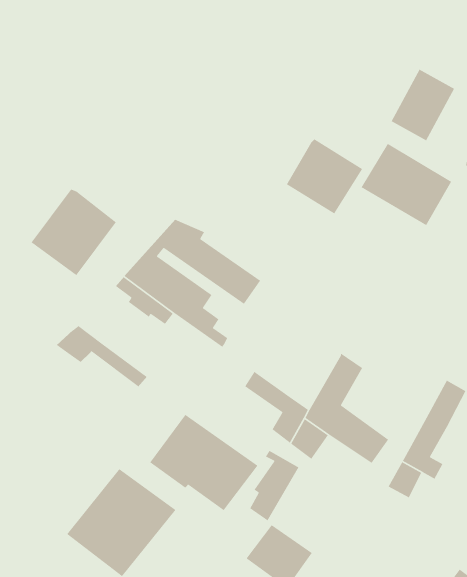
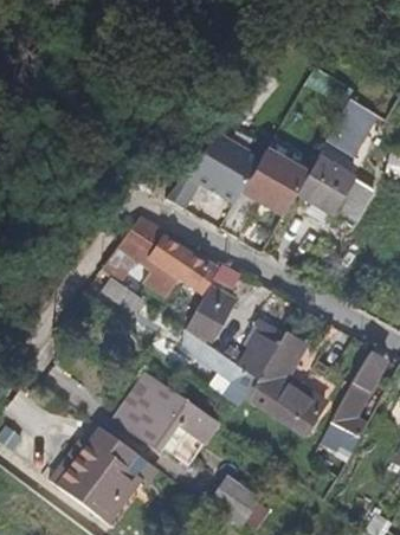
building: none -> [166,134,258,210]
building: [30,189,117,276] -> none
building: none -> [188,282,236,336]
building: [56,325,148,387] -> none
building: [249,450,299,521] -> [241,318,283,378]

